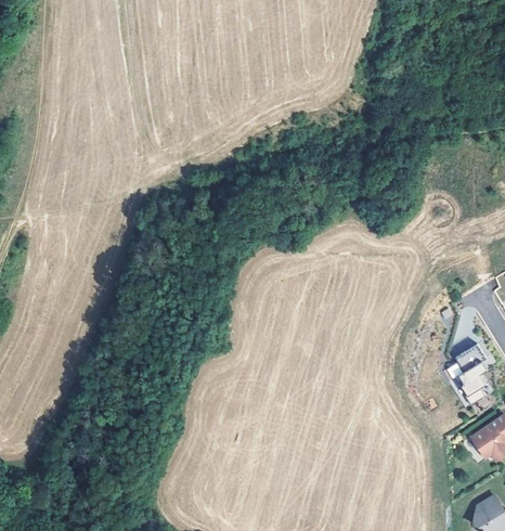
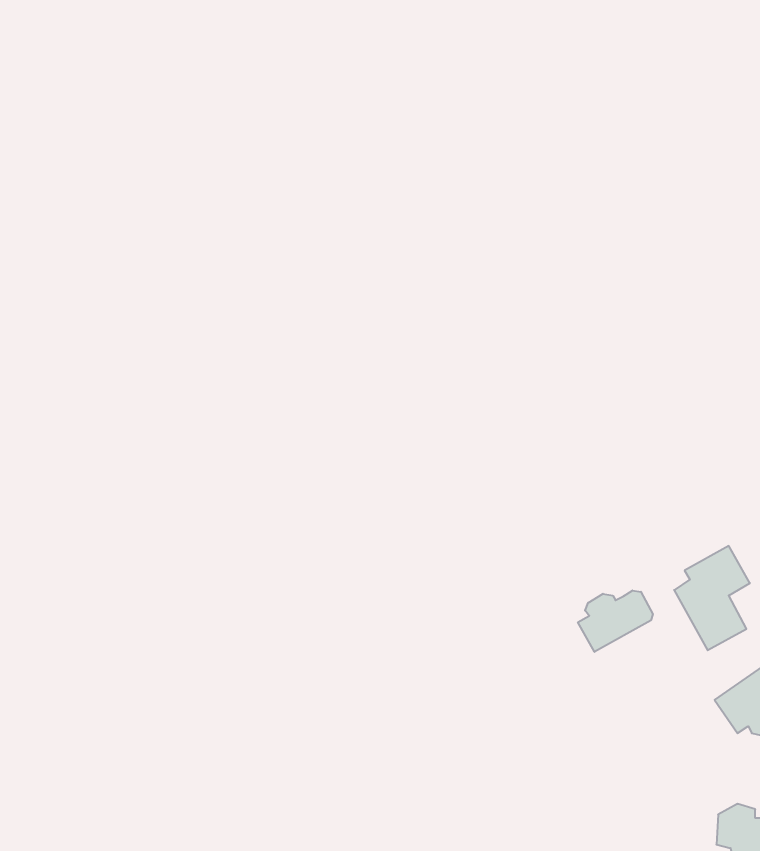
building: none -> [578,590,653,652]

